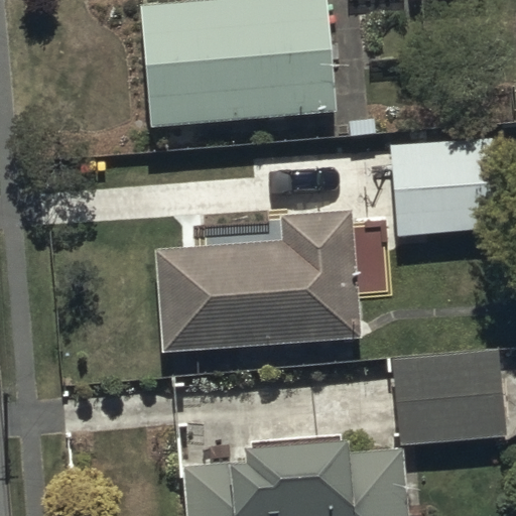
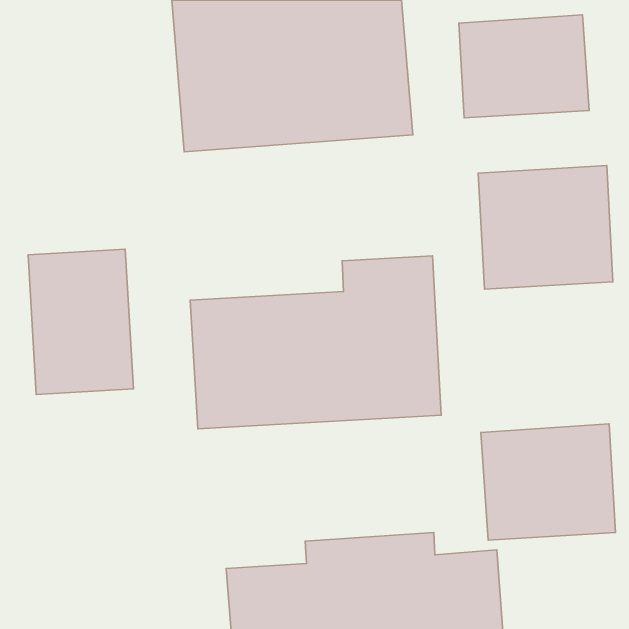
building: none -> [459,15,589,118]
building: none -> [28,249,133,394]

